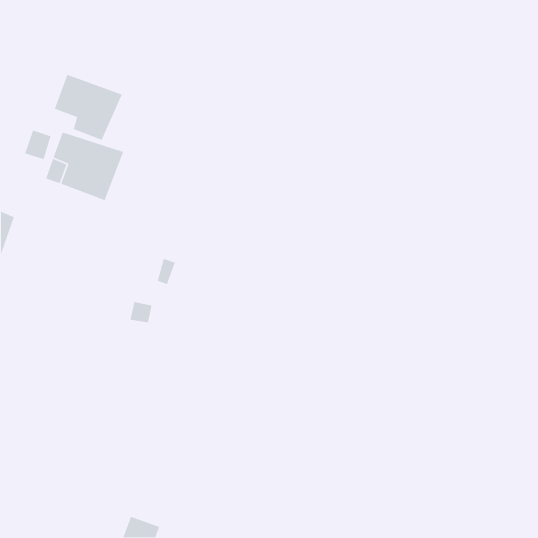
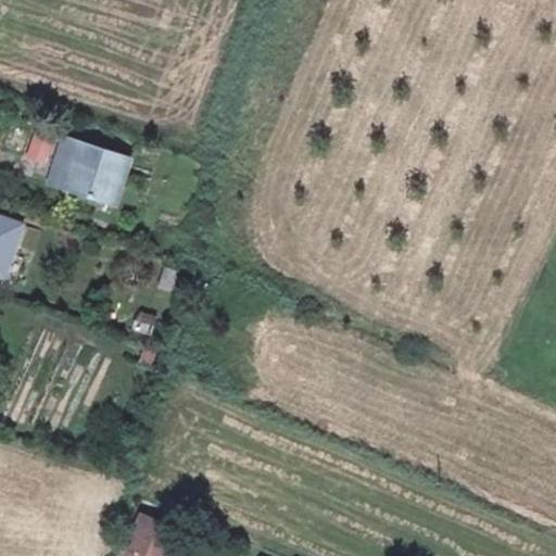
building: [54,74,123,141] -> none

